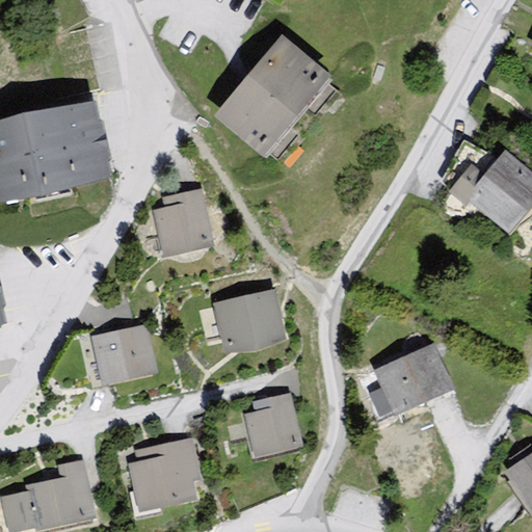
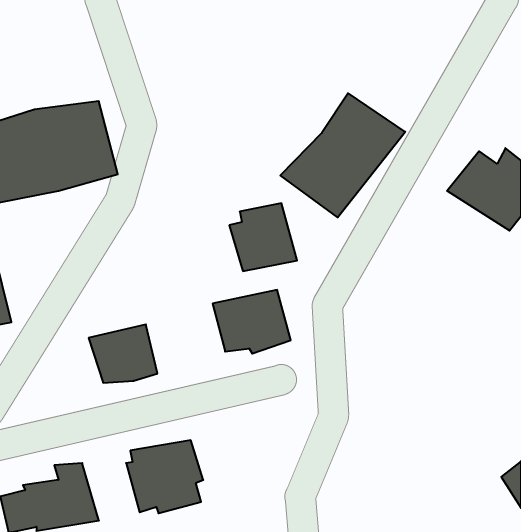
building: [214,32,339,156] -> [280,93,405,217]
building: [149,187,216,255] -> [229,203,297,271]
building: [368,346,453,417] -> none
building: [242,396,304,456] -> none

